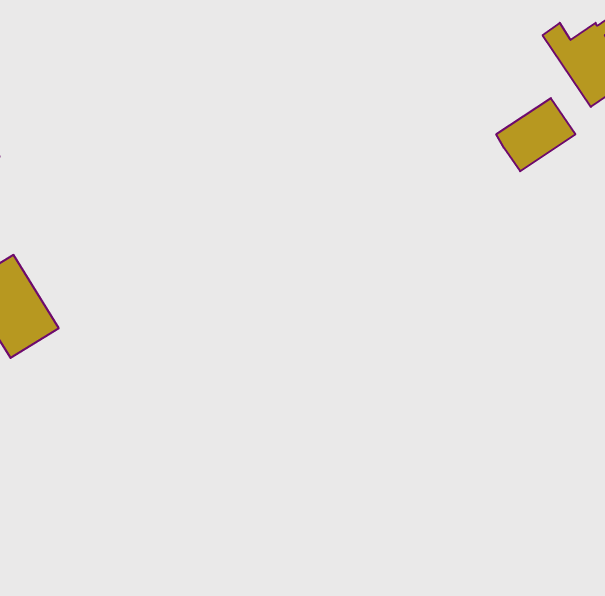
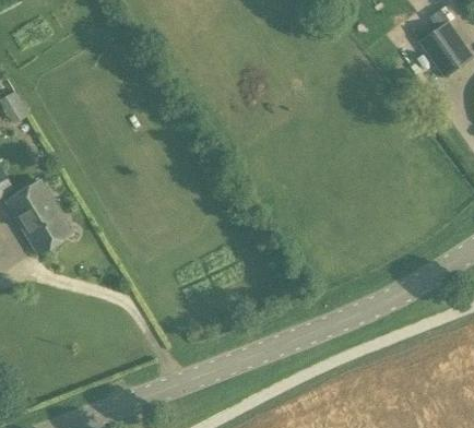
building: [496,98,575,171] -> none

